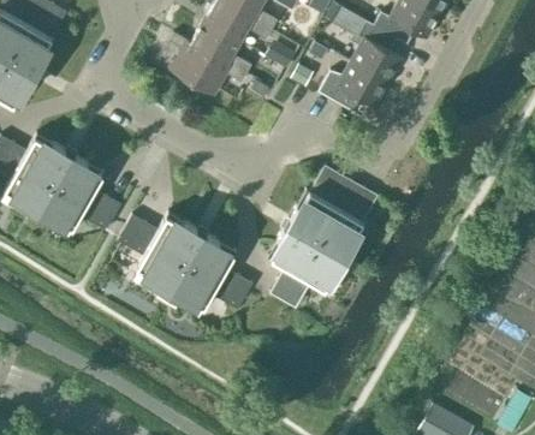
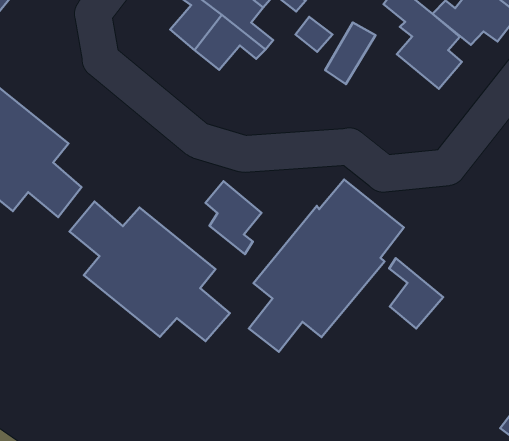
building: [319,60,388,112] -> none
building: none -> [206,181,262,254]
building: none -> [389,258,443,328]

